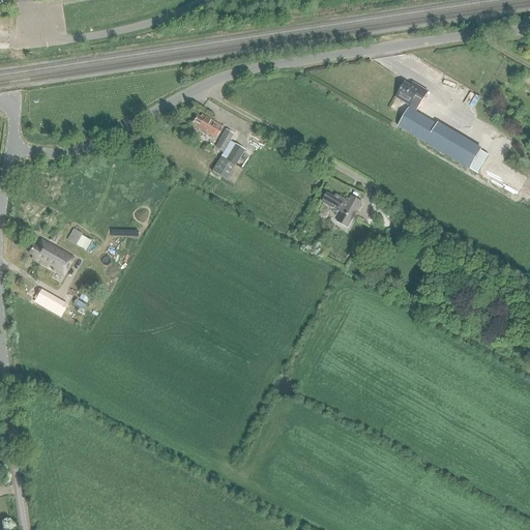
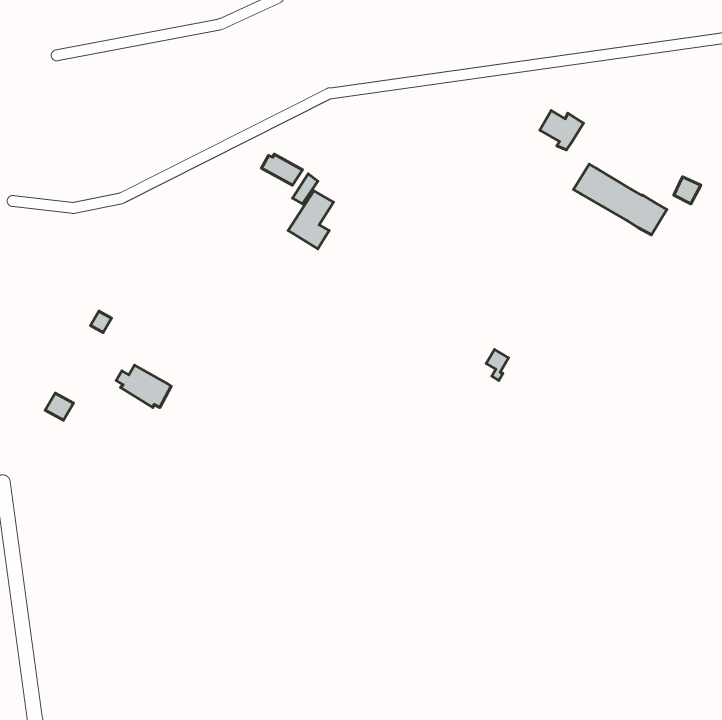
building: [398,107,432,139] -> none
building: [322,190,361,226] -> none
building: [28,239,68,270] -> [116,365,171,407]

